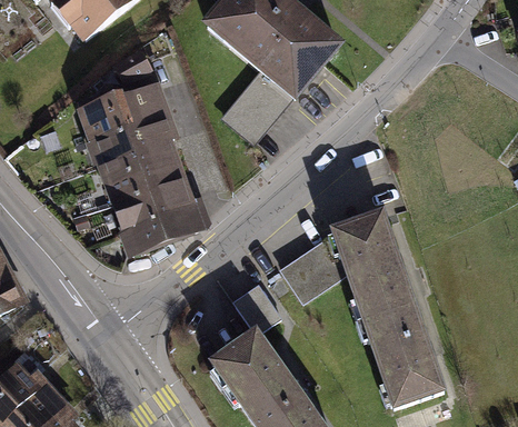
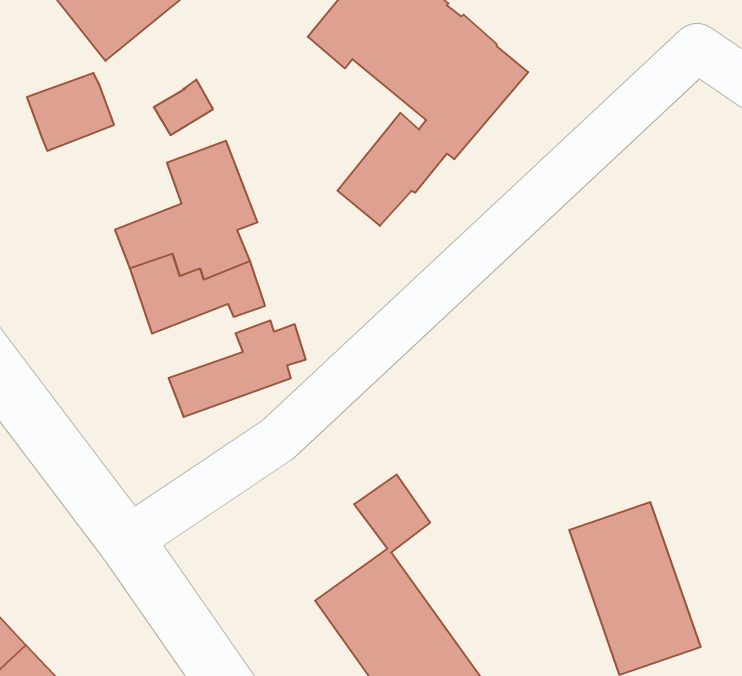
building: [79,92,131,139] -> [27,73,114,151]
building: [113,183,185,228] -> none
building: [281,214,412,319] -> none

